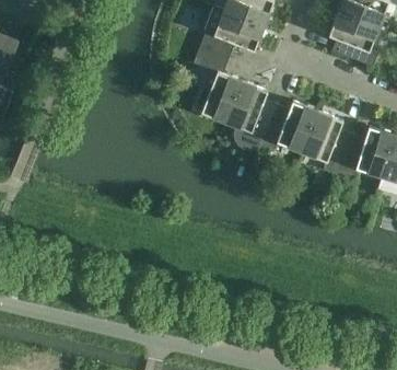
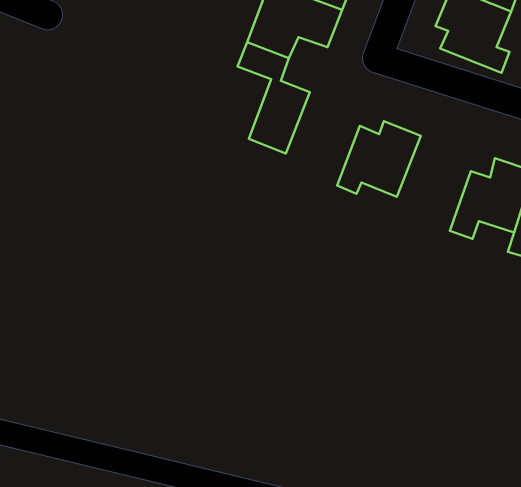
building: [226,81,277,153] -> none
building: [302,111,352,175] -> none

